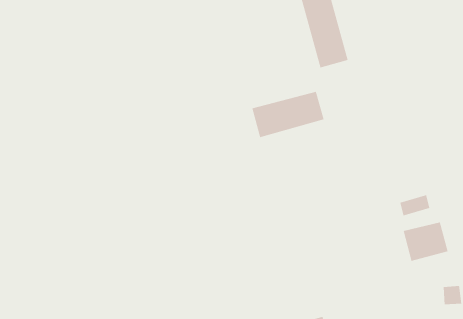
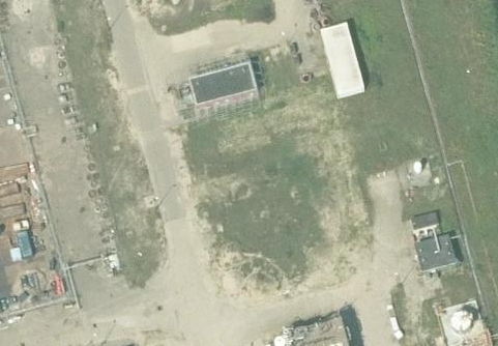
building: [252,91,324,138] -> [191,64,257,107]

